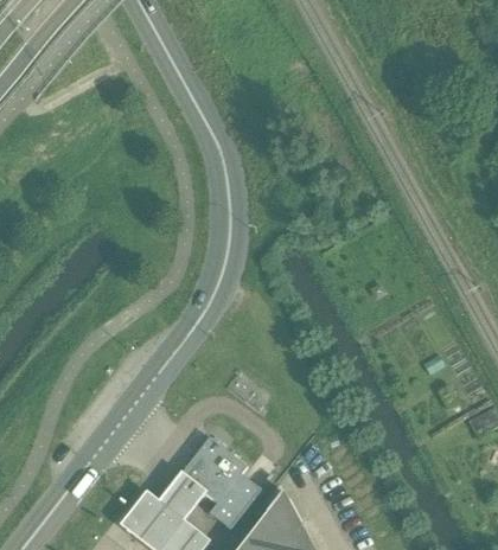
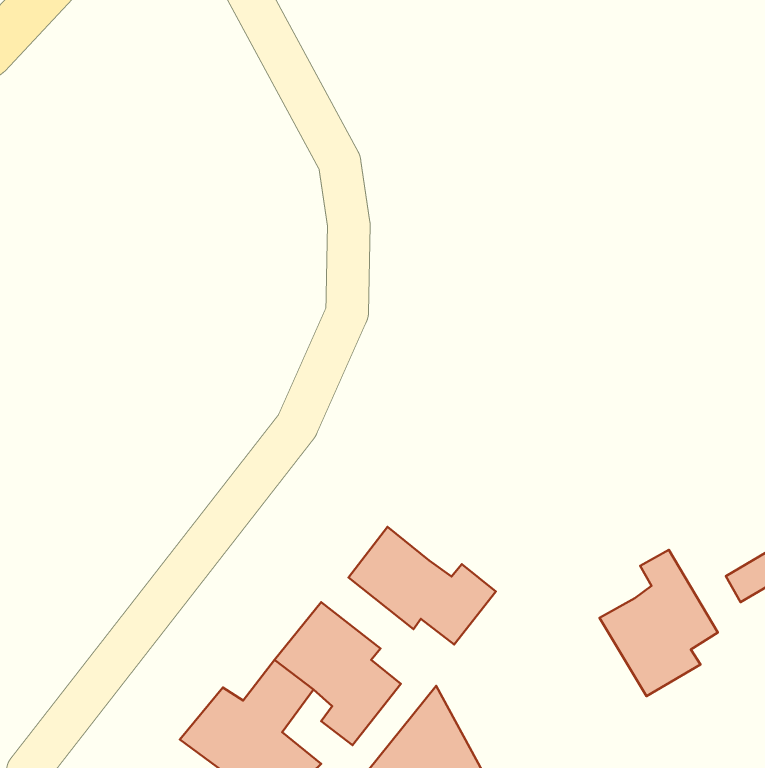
building: none -> [349,527,496,644]
building: none -> [599,550,718,696]

